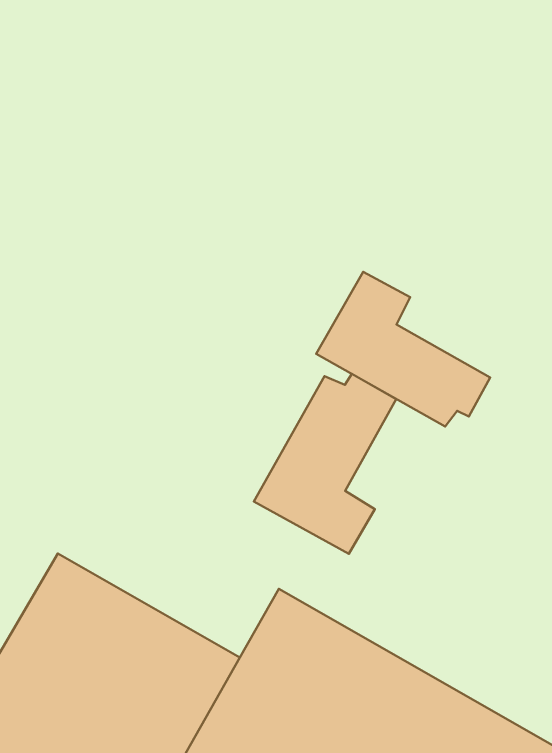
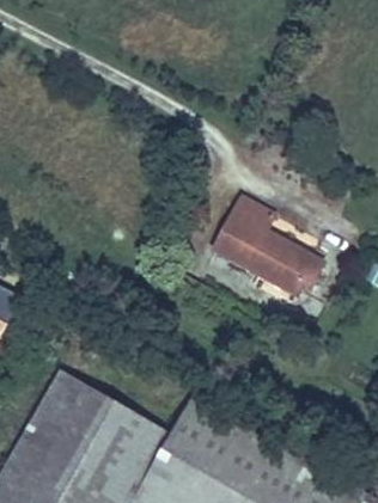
building: [254,374,396,554] -> none

